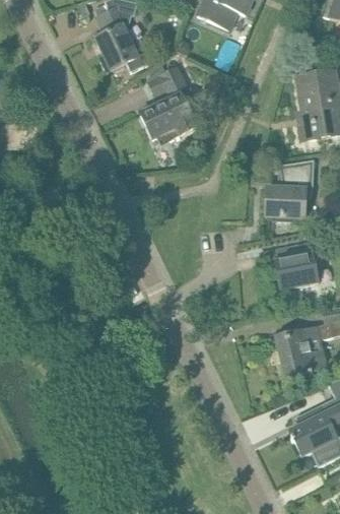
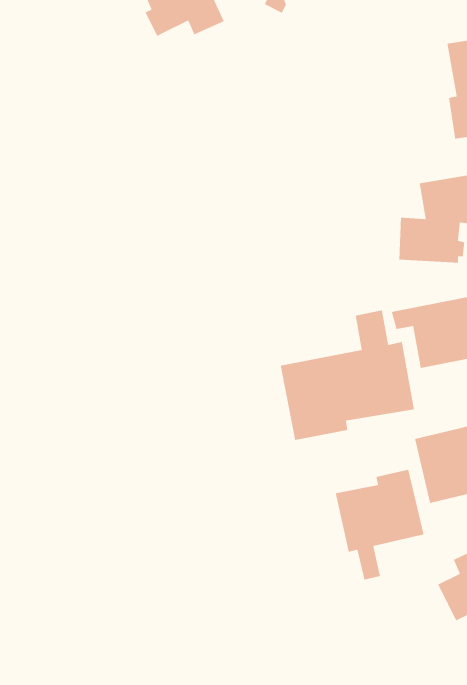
building: [141,67,201,138] -> none
building: none -> [280,310,415,441]
building: none -> [335,469,425,581]

